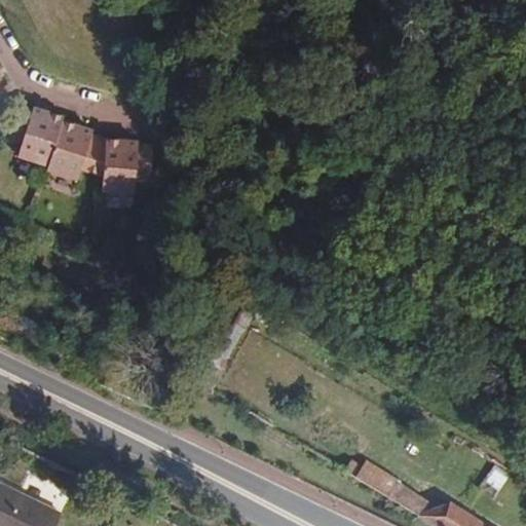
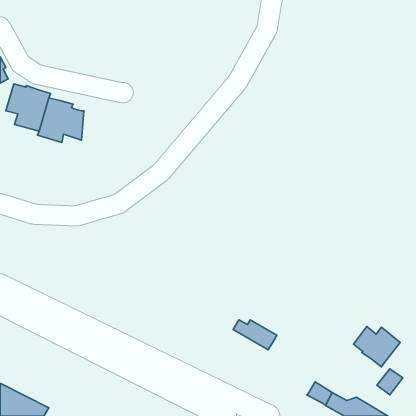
building: [103,140,153,193] -> none
building: none -> [354,327,400,367]
building: [344,459,400,497] -> [233,320,277,350]

